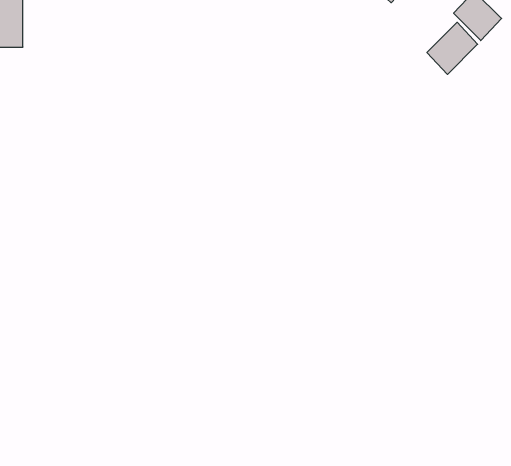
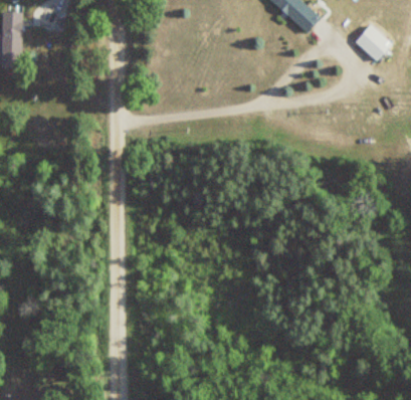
building: [427,22,478,74] -> none

